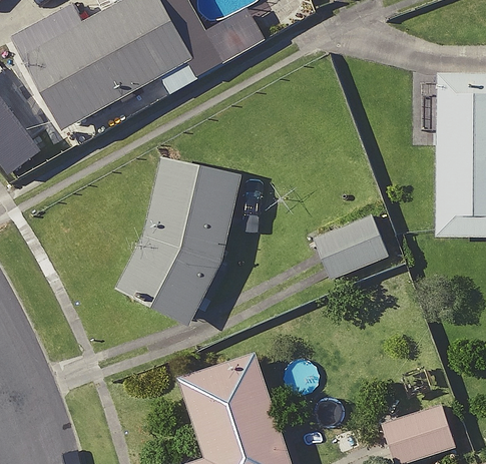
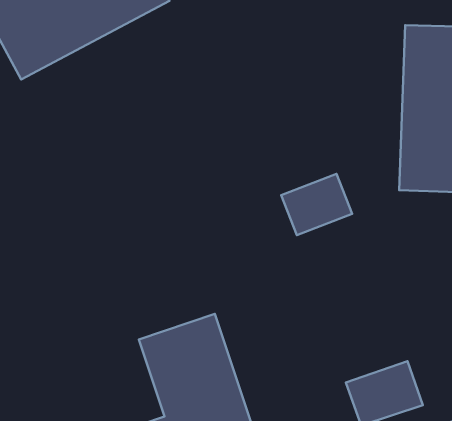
building: [119,158,238,327] -> none

